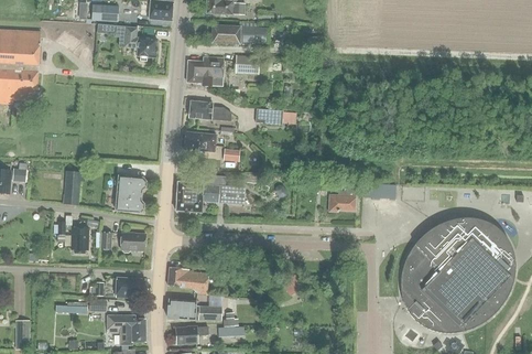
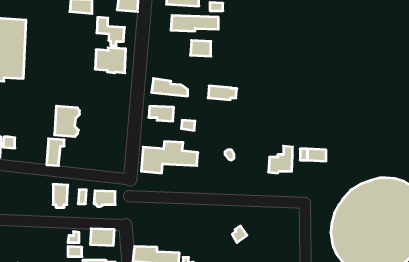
building: [186,56,222,86] -> [95,48,126,73]
building: [115,175,144,212] -> [54,106,80,137]
building: [166,267,207,293] -> none

